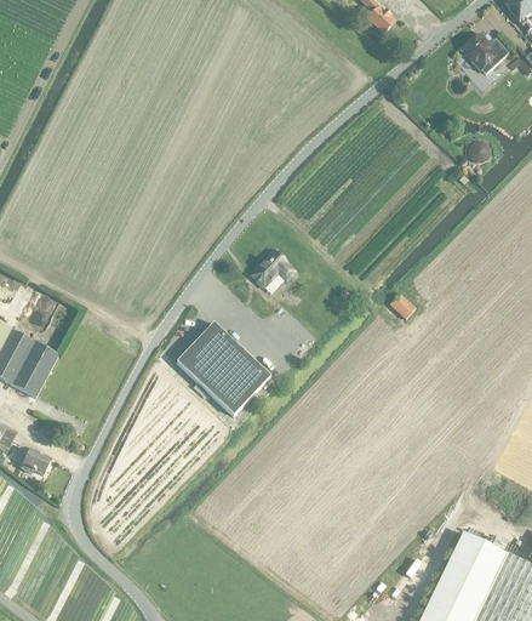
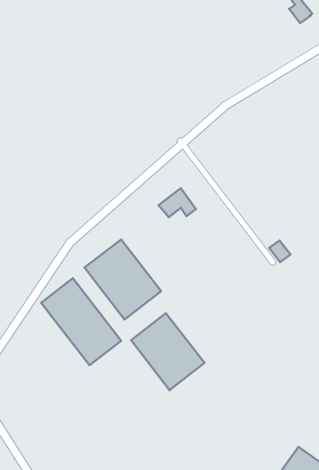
building: none -> [41,278,121,365]
building: none -> [131,313,204,390]

